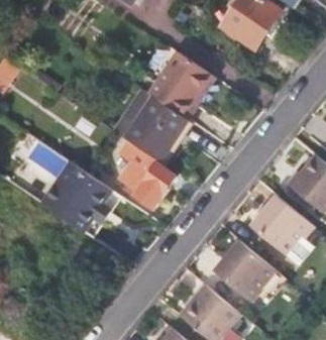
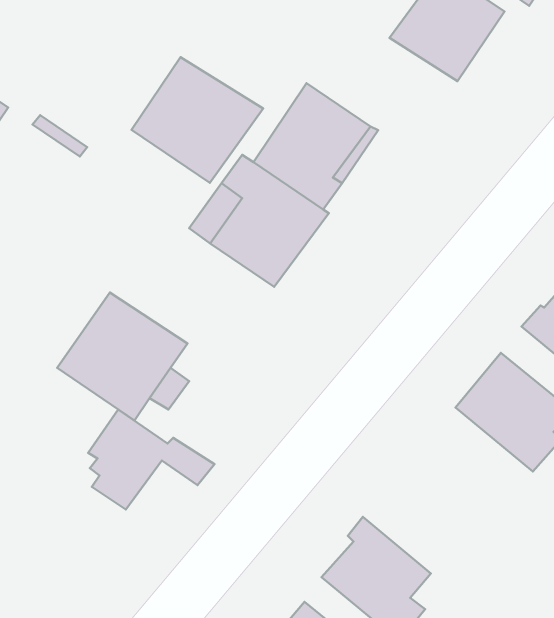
building: none -> [131,57,263,183]
building: [130,157,198,211] -> [88,410,215,510]
building: [216,238,283,300] -> none

